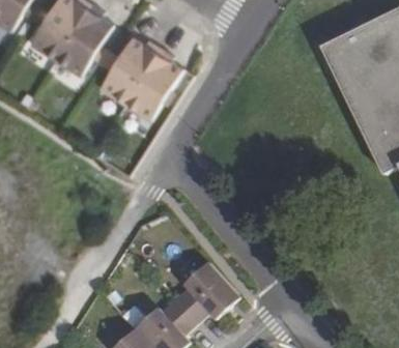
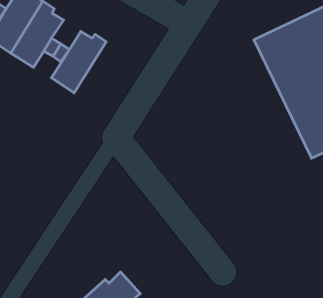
building: [123,47,181,119] -> none
building: [174,261,238,322] -> none

